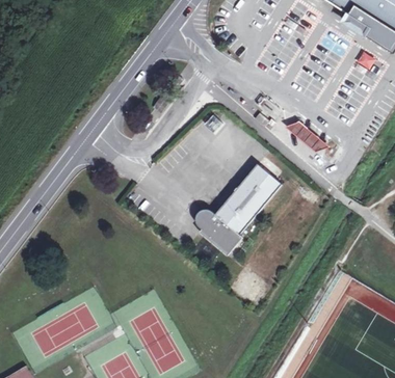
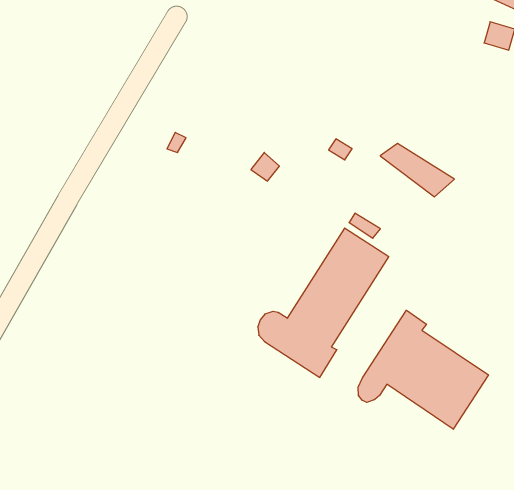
building: none -> [358,310,488,429]

